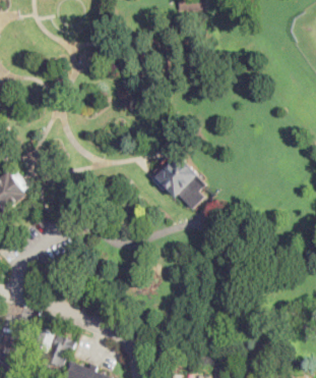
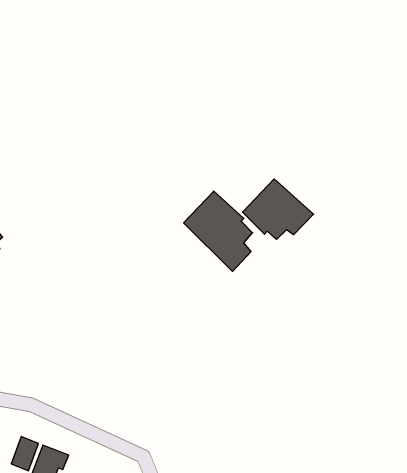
building: none -> [243,179,314,239]

